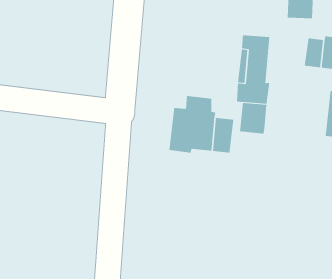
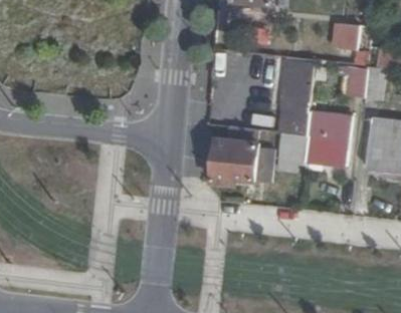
building: none -> [307,111,350,162]

